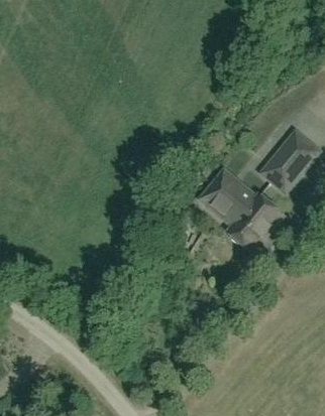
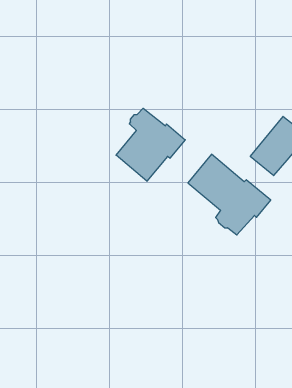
building: none -> [116,108,185,181]

